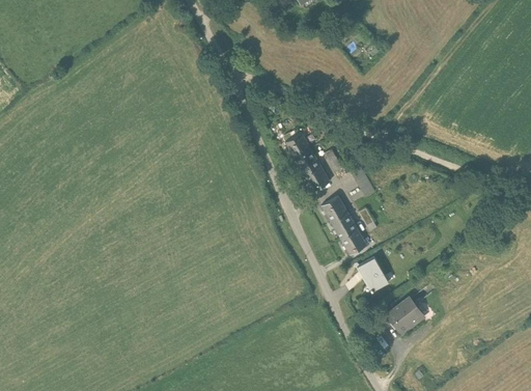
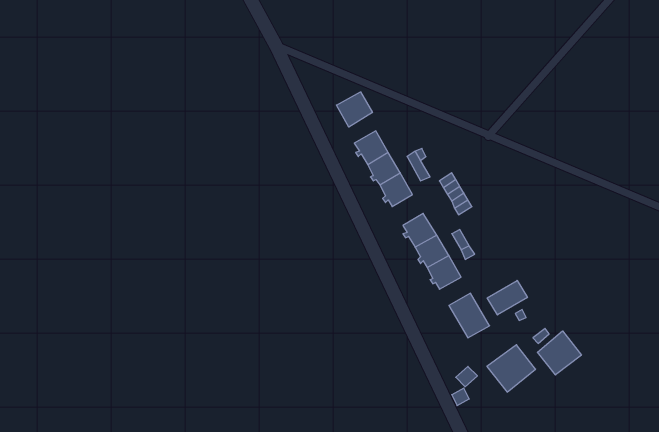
building: none -> [336,92,372,127]
building: none -> [487,280,527,315]
building: none -> [537,331,581,375]

